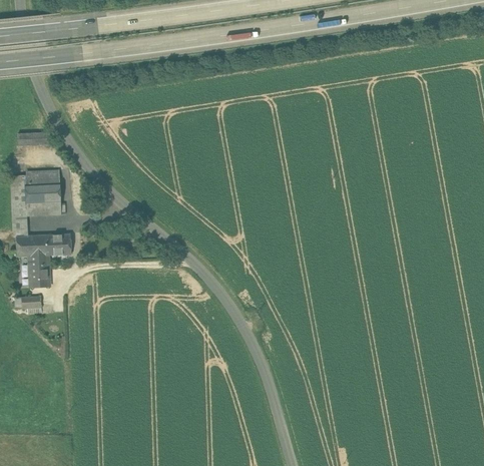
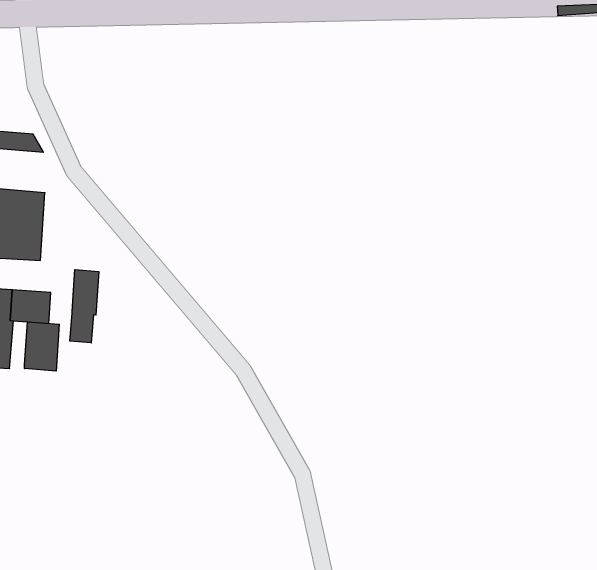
building: none -> [70,270,99,343]
building: none -> [25,322,59,371]

